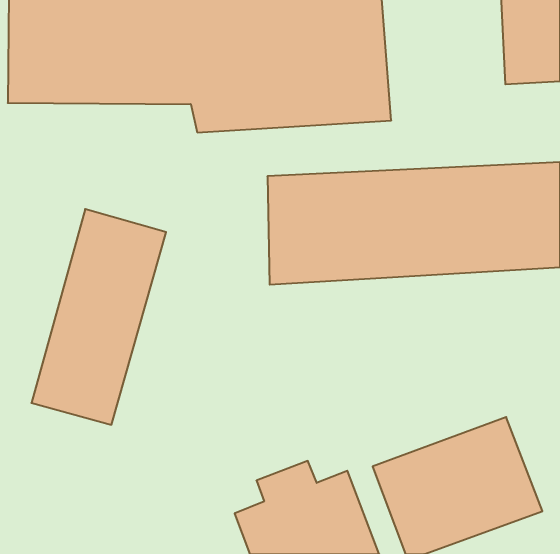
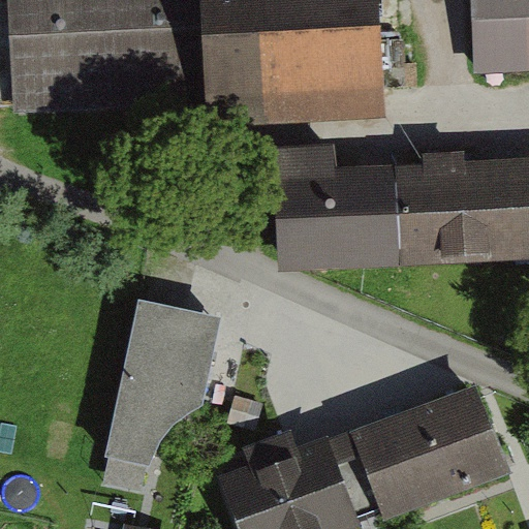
building: [31,209,166,425] -> [100,295,227,499]

